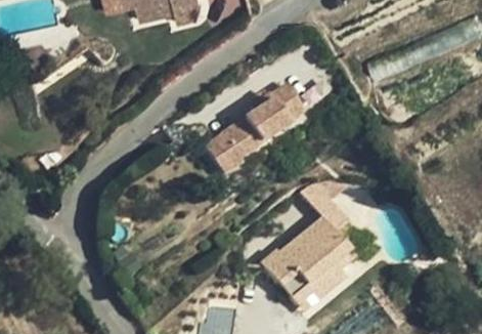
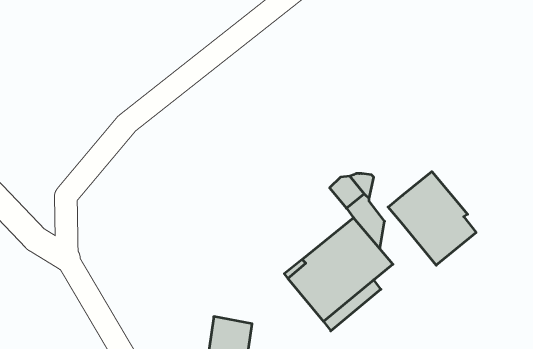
building: [204,84,303,174] -> none
building: none -> [388,172,476,265]

